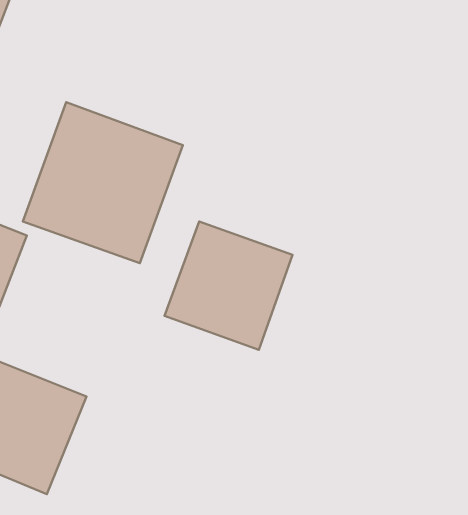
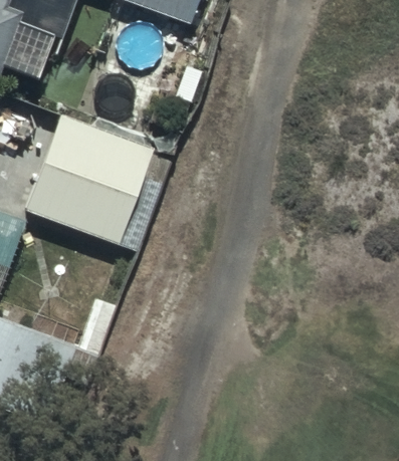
building: [165,222,292,350] -> none

